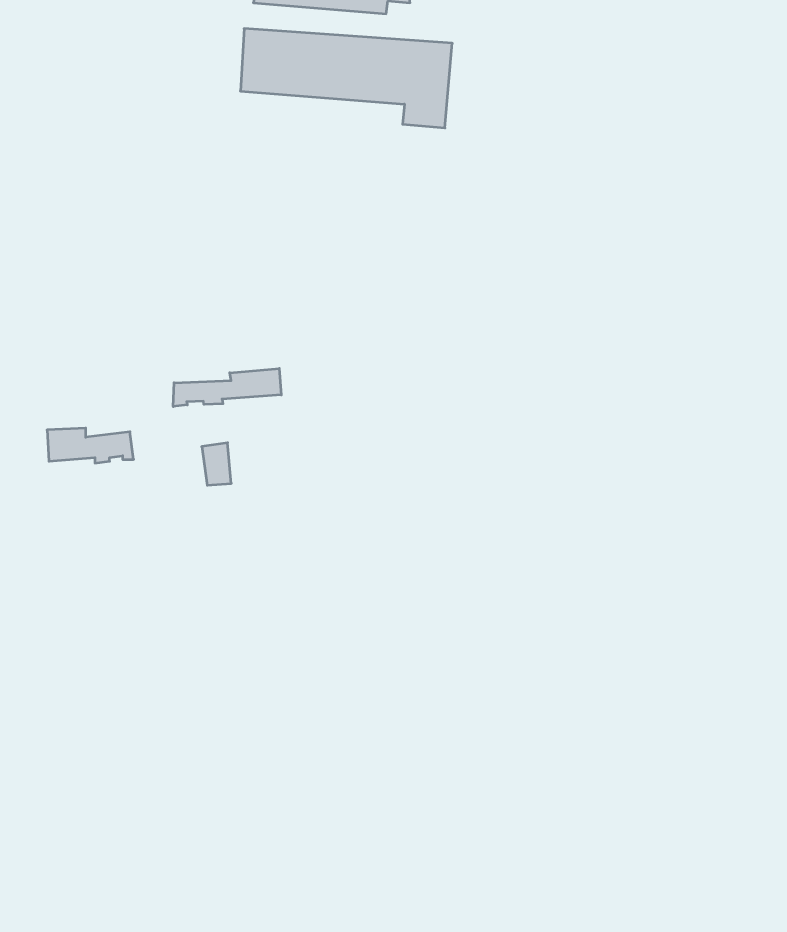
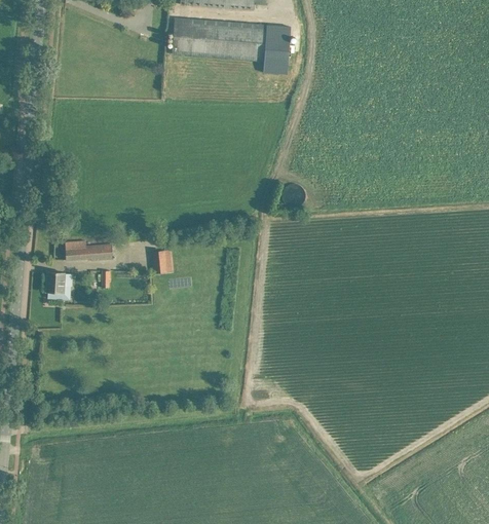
building: [173,368,281,407] -> none
building: none -> [46,270,72,297]

